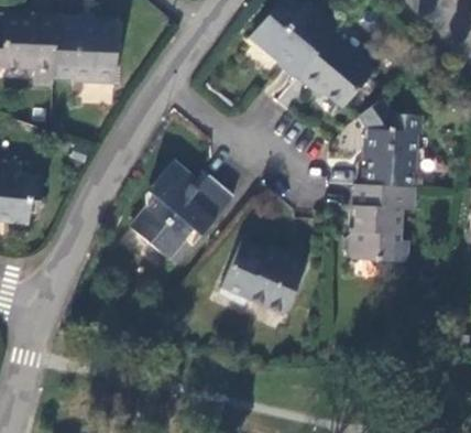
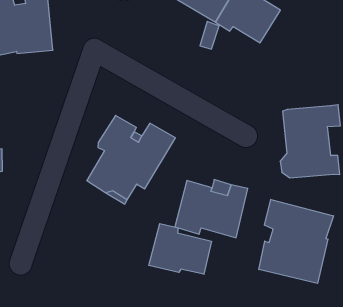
building: [357,100,417,187] -> none
building: none -> [259,199,333,283]
building: none -> [149,224,211,274]

